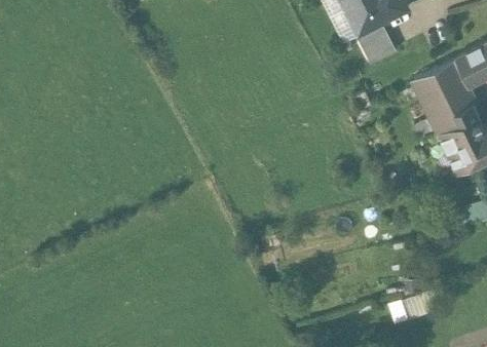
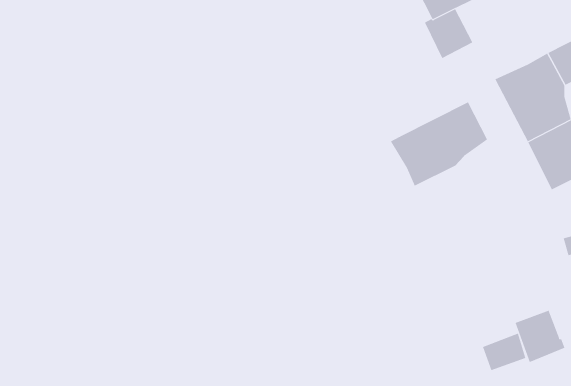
building: none -> [390,101,488,187]
building: none -> [515,310,565,363]

